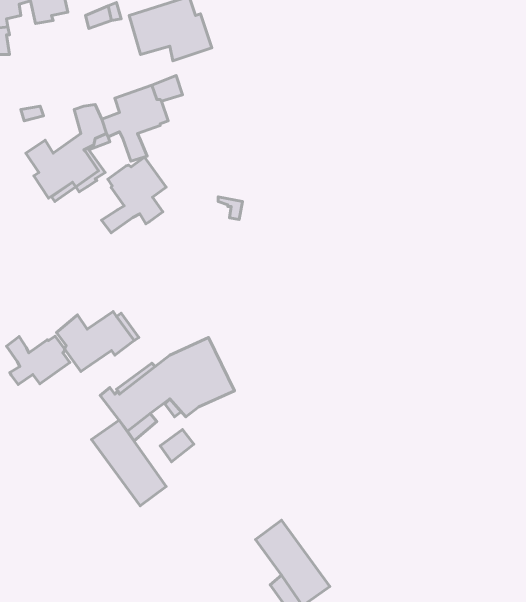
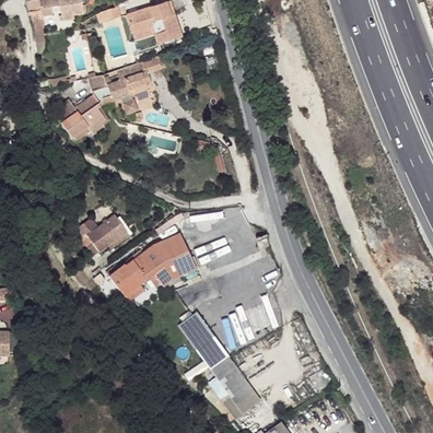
building: [101,157,166,233] -> none
building: [7,336,70,385] -> none
building: [92,420,166,506] -> [178,311,229,368]

